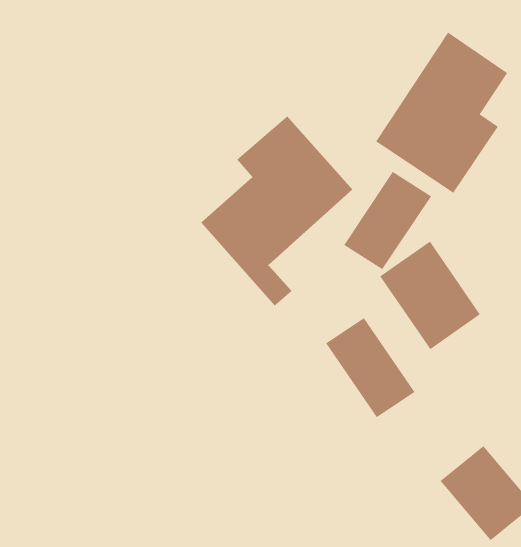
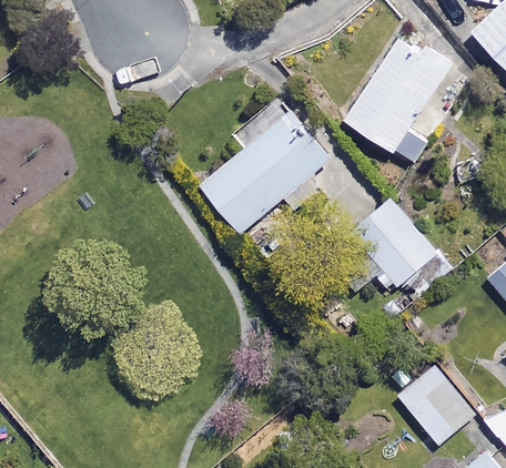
building: [343,171,432,270] -> none
building: [325,317,416,418] -> none

